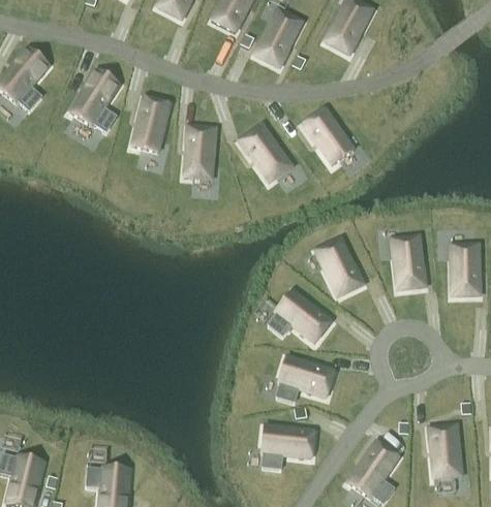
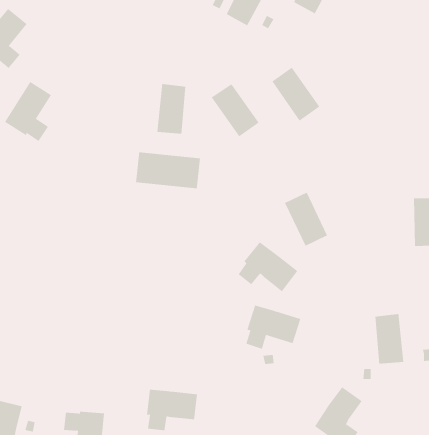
building: [70,68,120,131] -> [4,81,52,142]
building: [132,96,171,151] -> none
building: none -> [136,151,201,189]
building: [393,235,425,288] -> none
building: [430,423,461,476] -> [374,314,404,364]
building: [262,424,315,468] -> [146,389,198,431]

